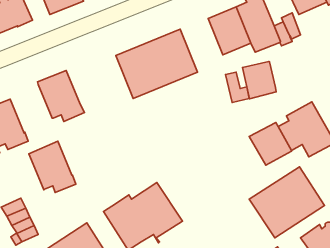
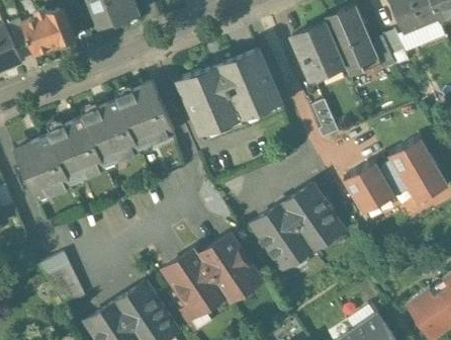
building: none -> [117,80,175,143]
building: [243,61,276,99] -> none
building: [29,141,76,192] -> [49,115,106,178]
building: [249,167,324,238] -> [251,185,343,272]

